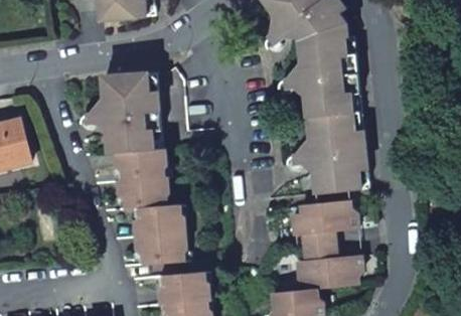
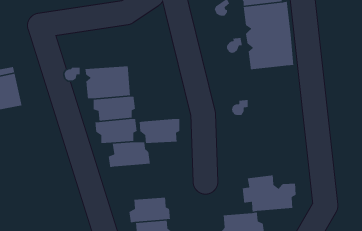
building: [102,73,158,116] -> none
building: [306,112,367,193] -> none
building: [291,200,357,249] -> none
building: [135,232,185,264] -> [139,118,180,144]

